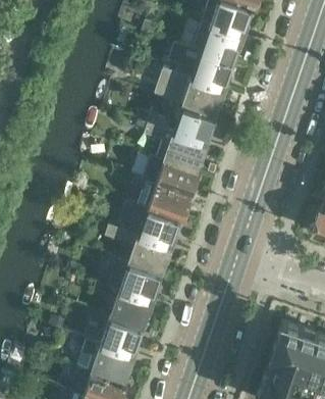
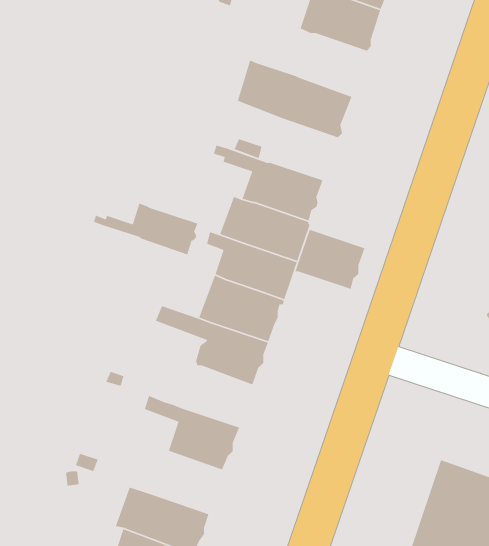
building: [166,49,235,92] -> none
building: [172,106,217,145] -> [295,229,366,290]
building: none -> [93,202,199,255]
building: [107,259,163,302] -> none
building: [100,317,144,357] -> none

